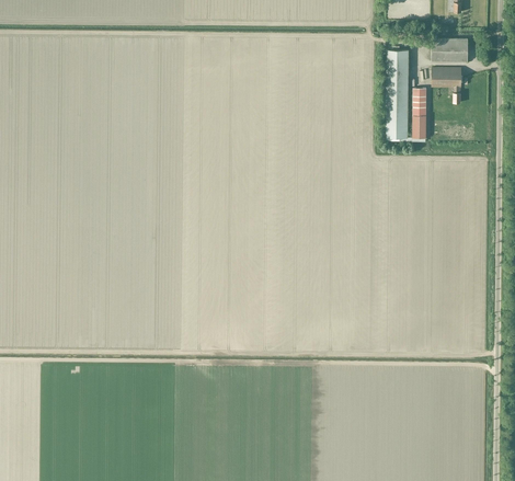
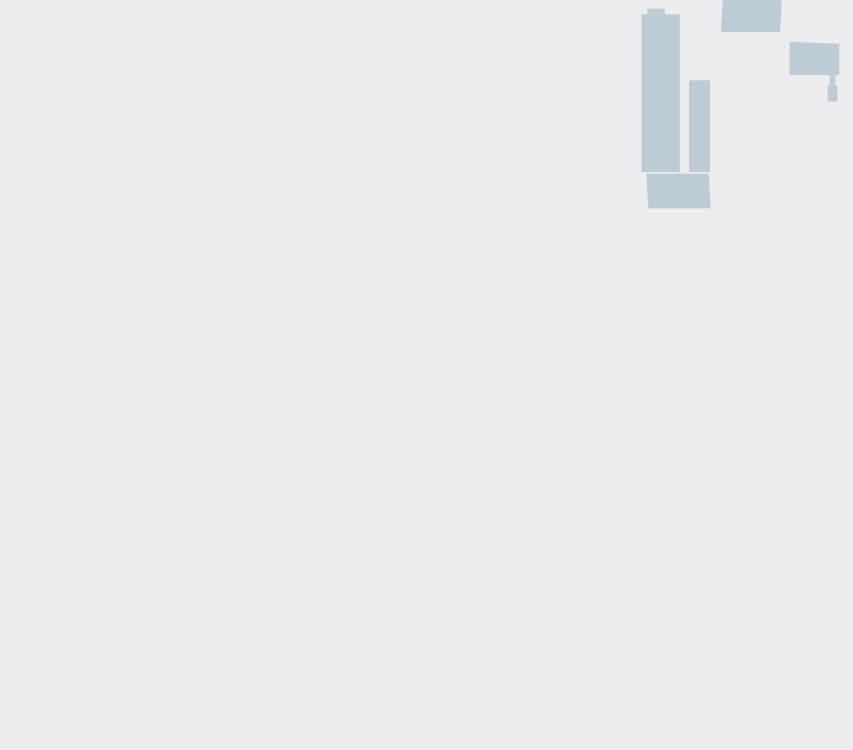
building: [432,67,461,102] -> [789,41,840,102]
building: none -> [646,173,711,209]

